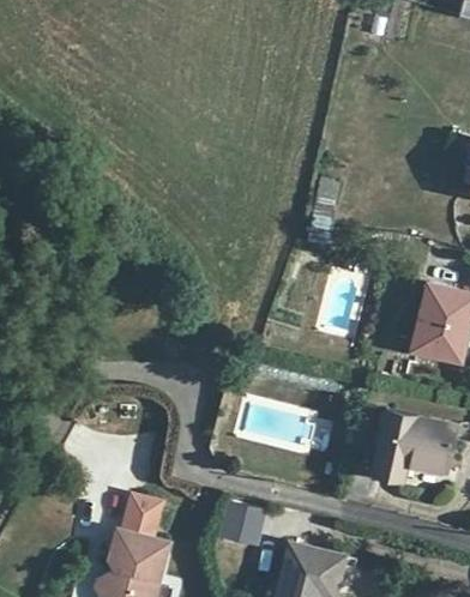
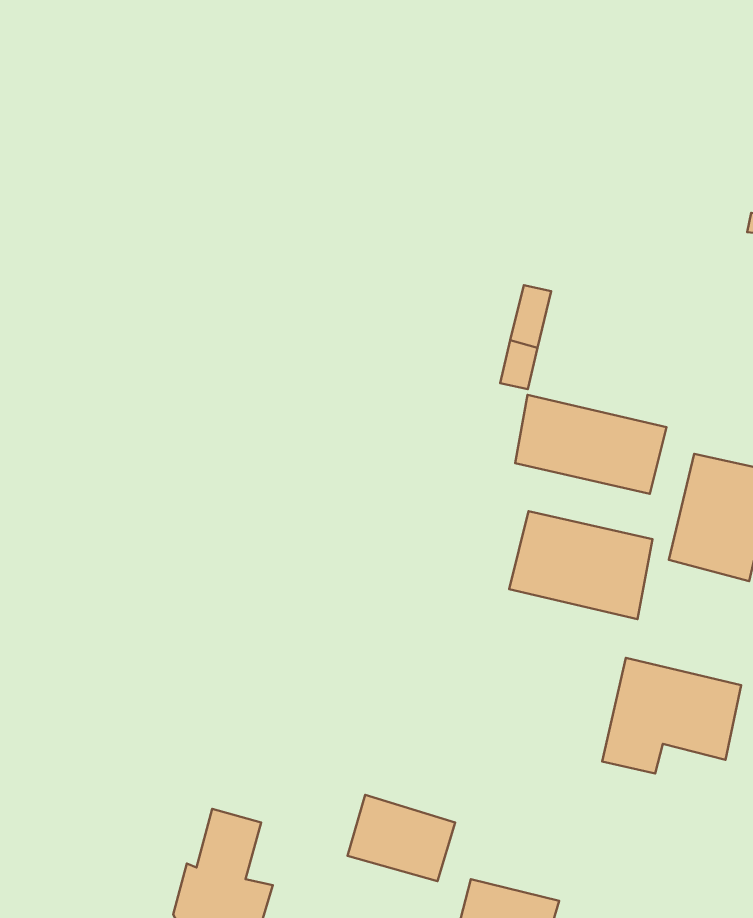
building: none -> [515,395,667,494]
building: none -> [509,511,653,619]

